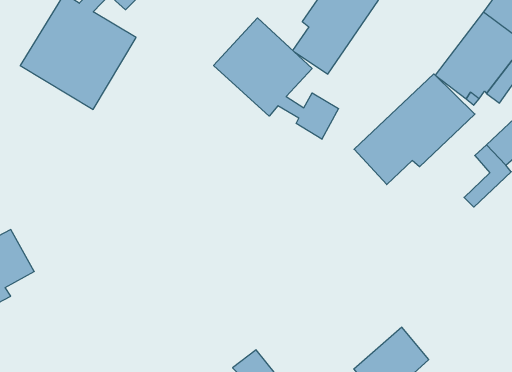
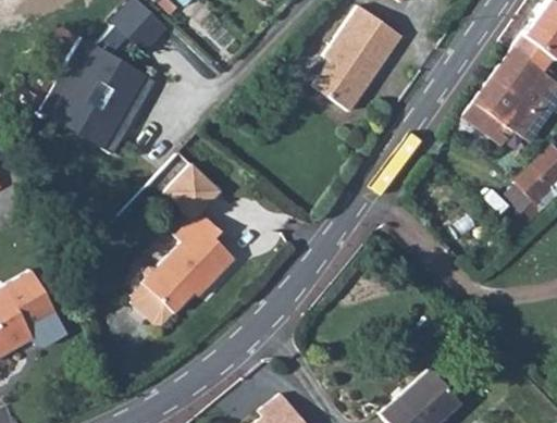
building: [214,18,339,139] -> none
building: [354,74,475,185] -> none
building: none -> [123,164,233,329]

